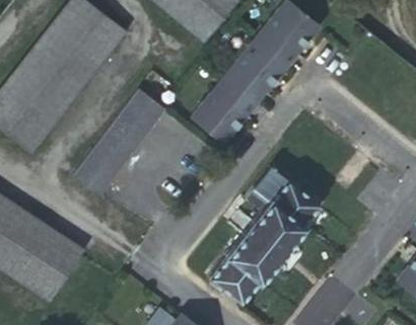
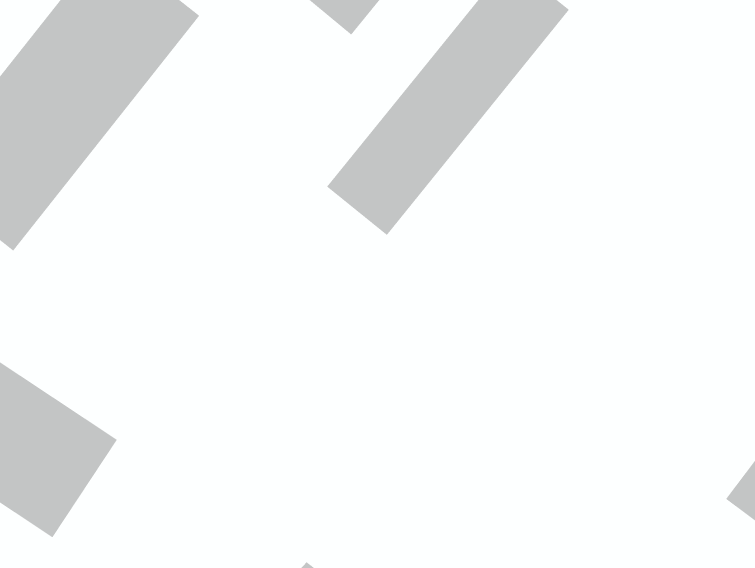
building: [70,93,162,198] -> none
building: [209,169,322,304] -> none

